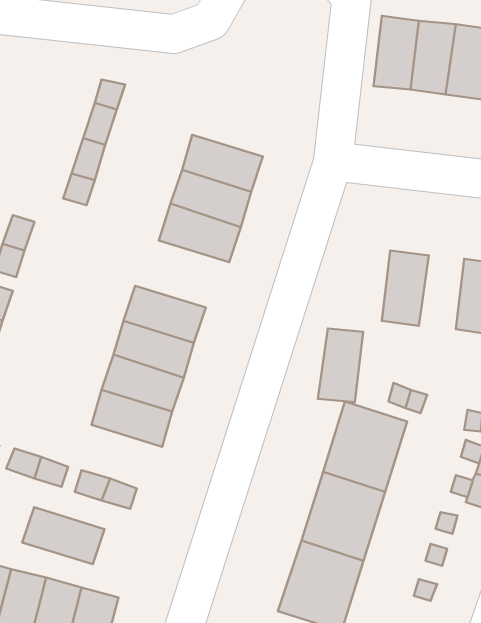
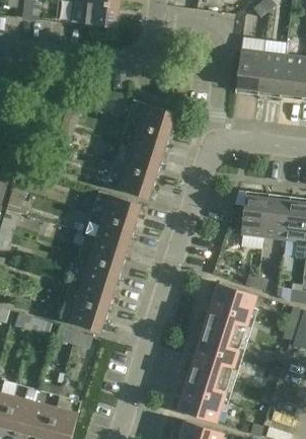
building: none -> [127,99,176,135]
building: none -> [92,191,142,226]
building: [318,329,363,402] -> [263,195,291,239]
building: [22,507,105,564] -> [59,297,108,332]

